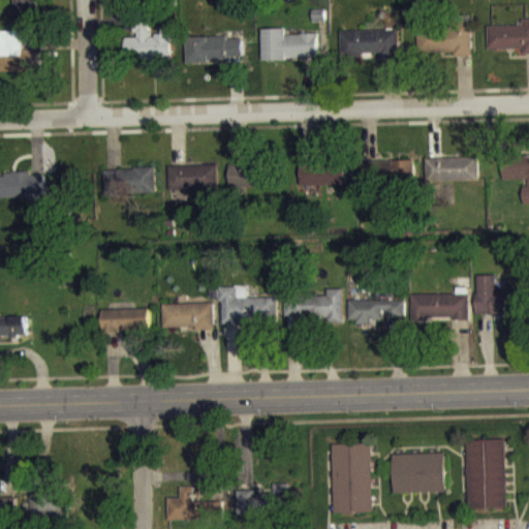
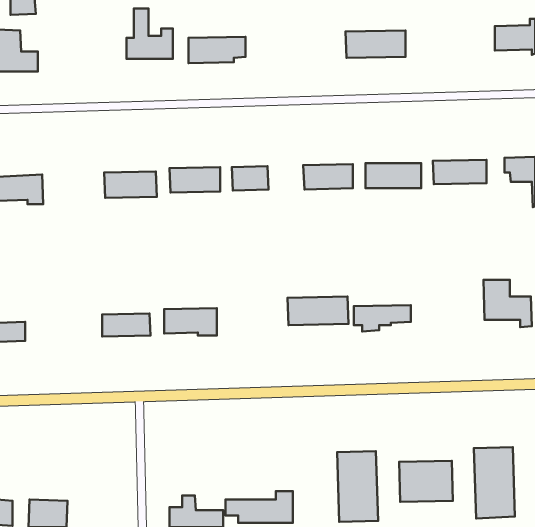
building: [415,25,470,56] -> none
building: [261,28,317,58] -> none
building: [218,285,275,323] -> none
building: [410,293,467,320] -> none

